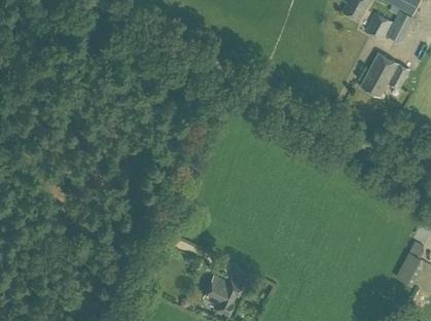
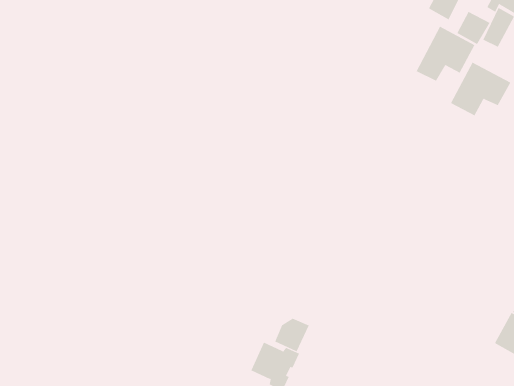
building: none -> [416,26,475,82]
building: none -> [274,318,310,352]

